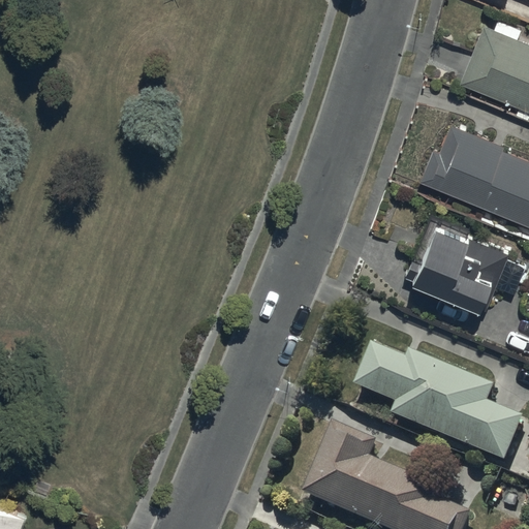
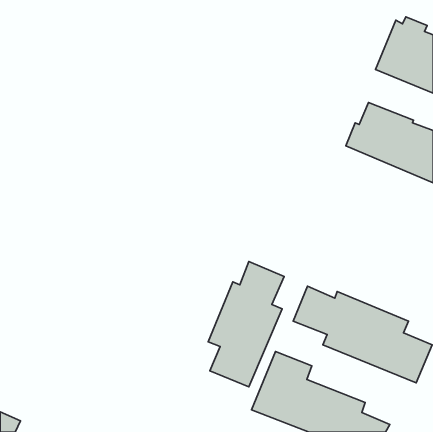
building: [404,225,508,310] -> none
building: none -> [208,262,284,387]

